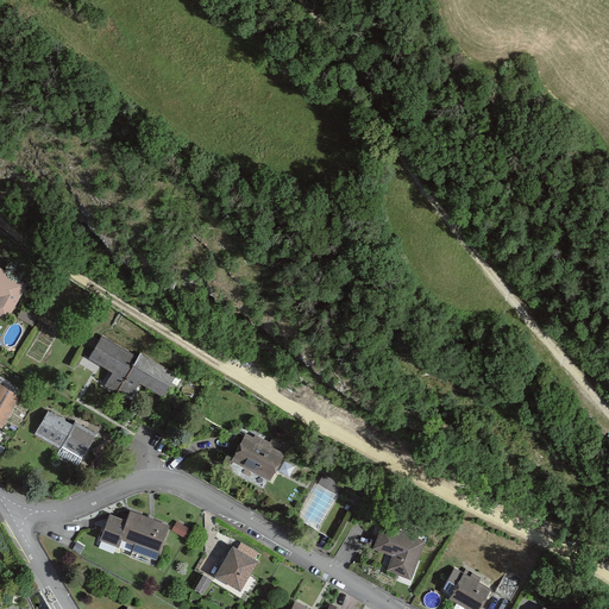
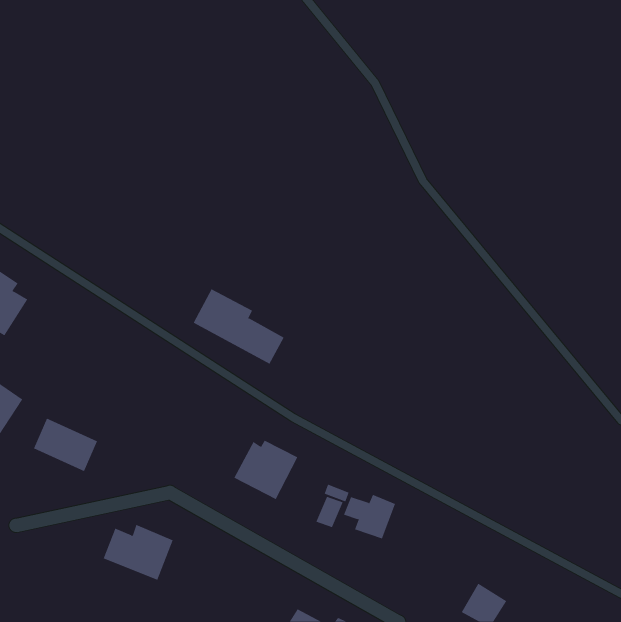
building: [84,332,174,406] -> [193,289,284,364]
building: [373,528,425,572] -> [343,494,396,539]
building: [194,546,257,601] -> none

